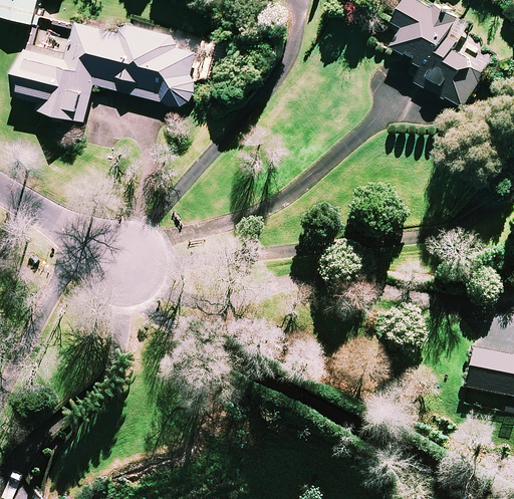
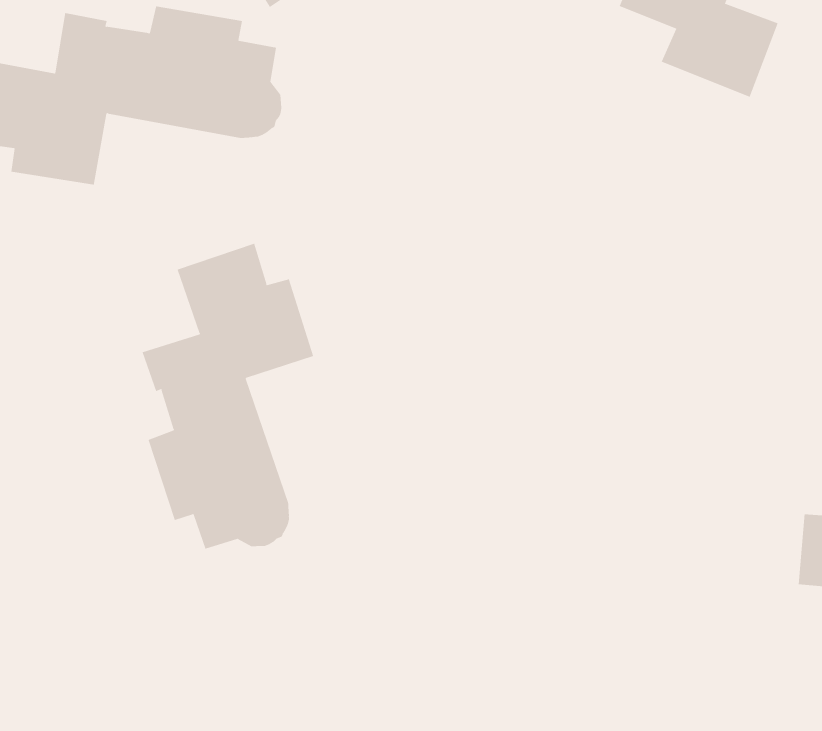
building: none -> [142,243,314,550]

